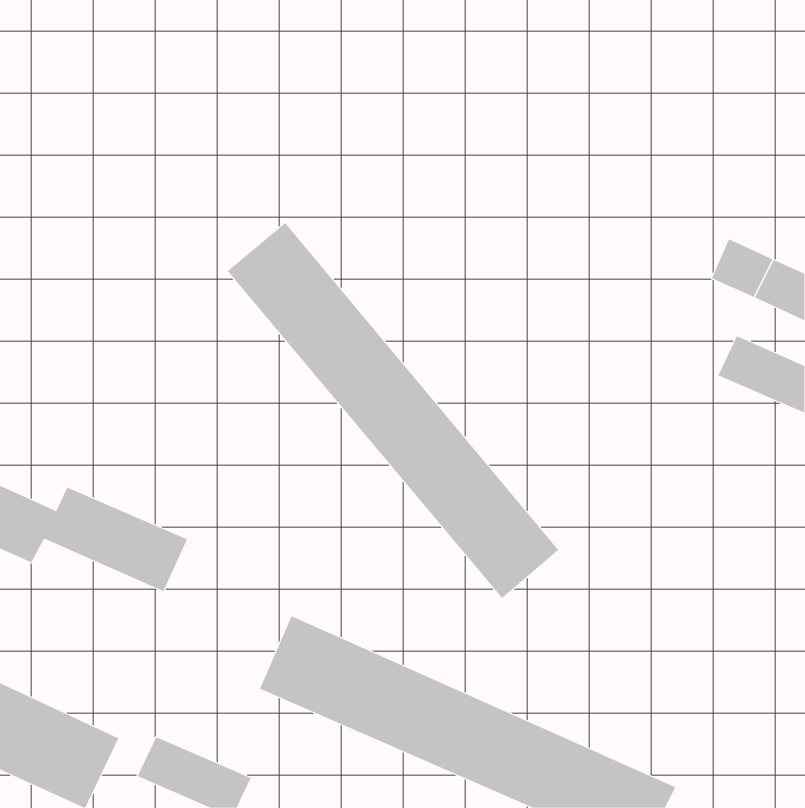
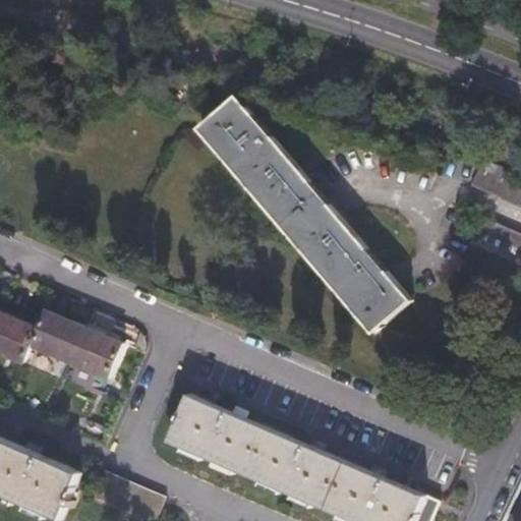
building: [227,222,559,599] -> [196,96,409,337]

